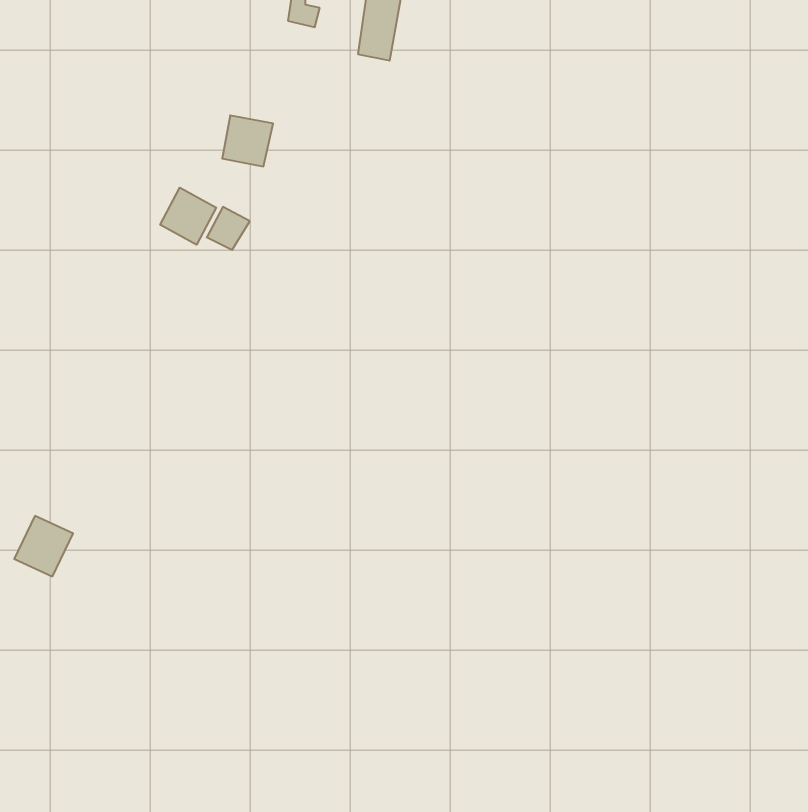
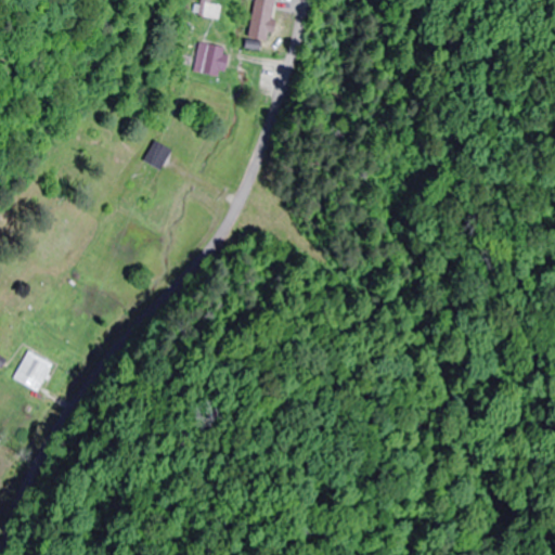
building: [222,115,273,166] -> [195,42,230,77]
building: [160,188,216,245] -> none

